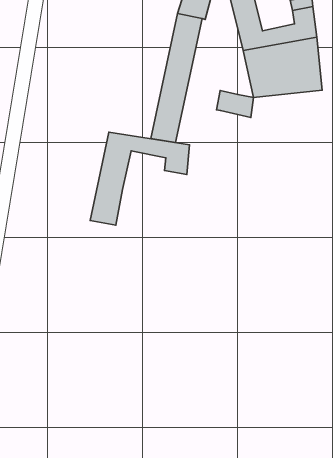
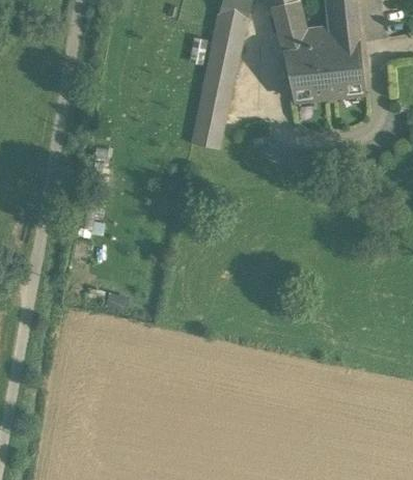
building: [217,90,253,117] -> none
building: [90,132,189,225] -> none

